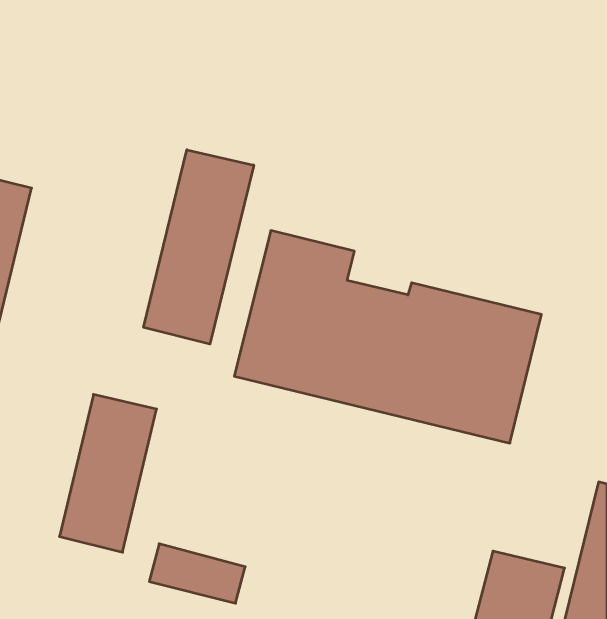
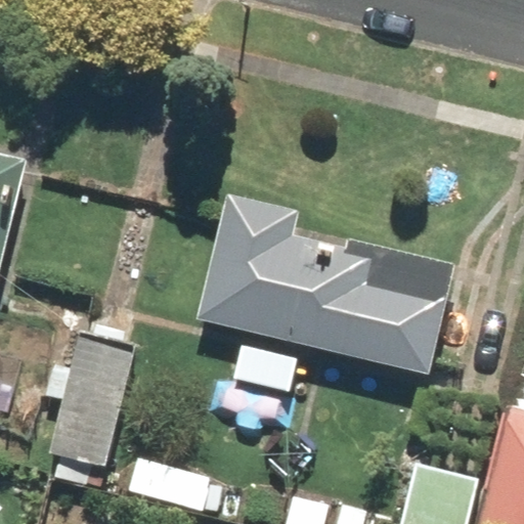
building: [144,150,254,344] -> none

